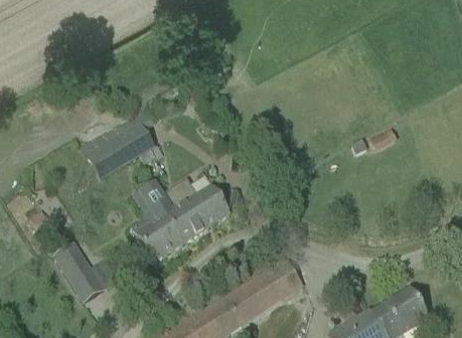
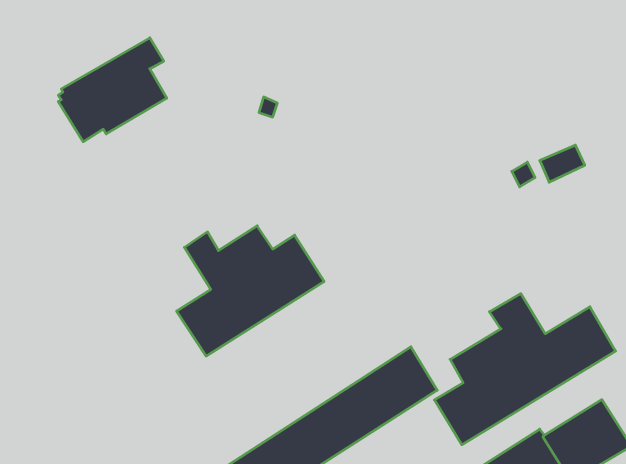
building: [85,108,155,175] -> [58,38,167,142]
building: none -> [434,294,616,445]
building: [53,240,107,304] -> none

